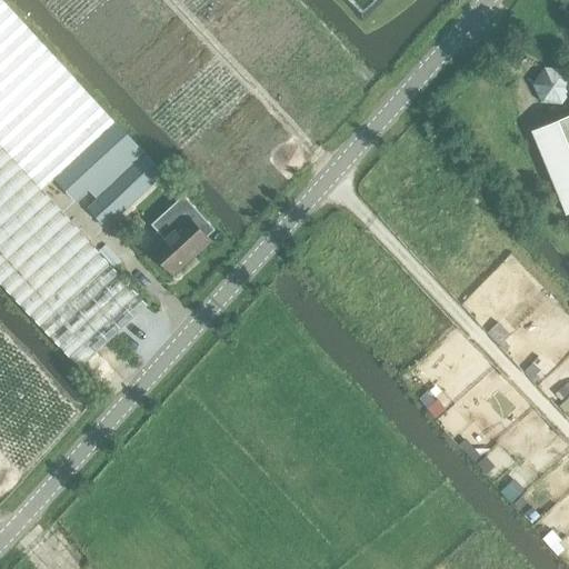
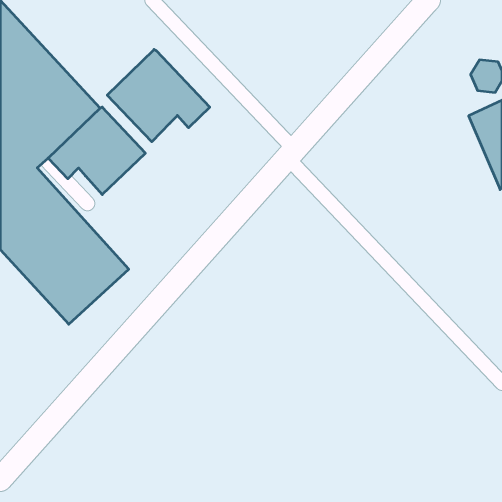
building: none -> [107,49,210,142]
building: [150,194,214,276] -> none

